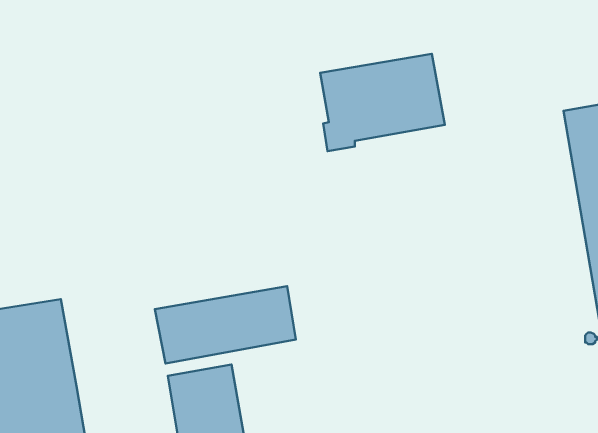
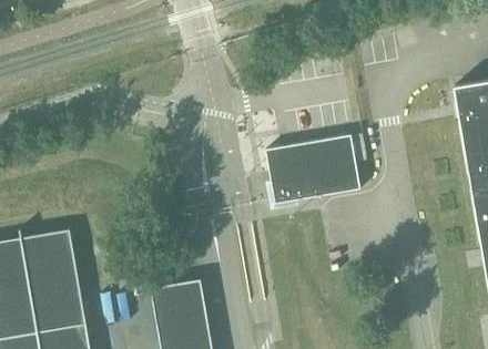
building: [320,54,445,151] -> [265,135,360,209]
building: [155,286,296,363] -> none

